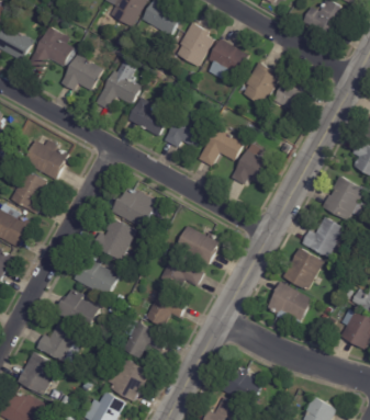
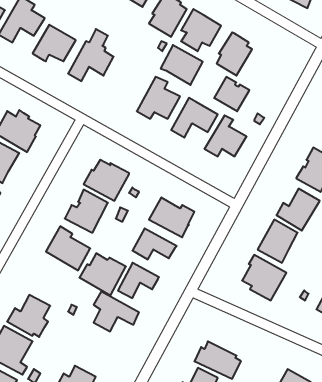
building: [272,78,307,112] -> [214,77,249,111]
building: [128,97,170,136] -> [161,45,203,85]
building: [54,288,100,330] -> [79,253,126,295]
building: [102,359,148,401] -> none

